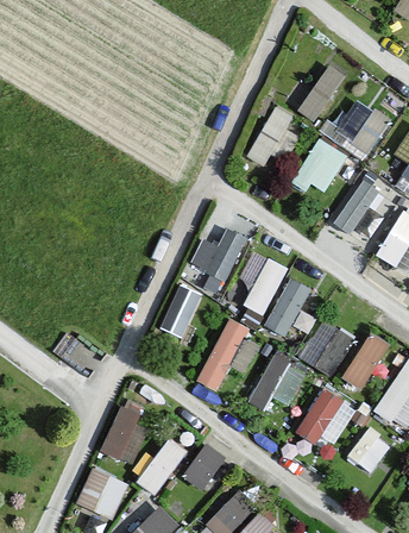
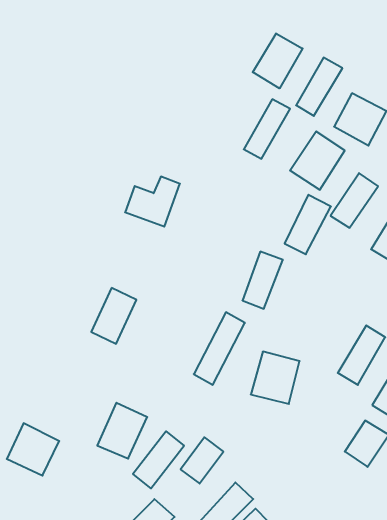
building: none -> [253,33,303,88]
building: [189,230,244,280] -> [125,177,180,227]
building: [264,277,310,337] -> [285,195,331,254]
building: [158,284,203,340] -> [91,288,136,344]
building: [300,320,353,376] -> none
building: [298,388,355,449] -> none
building: [76,468,128,520] -> [7,423,59,476]

